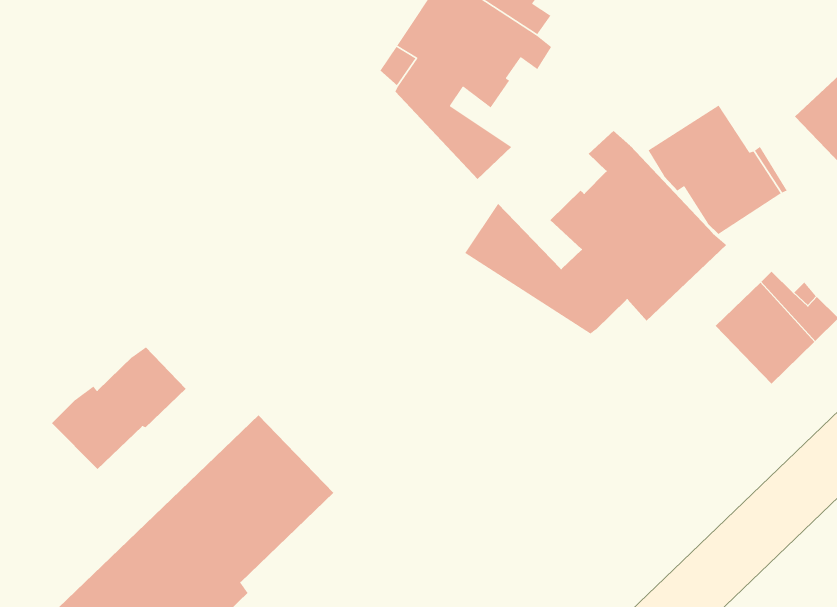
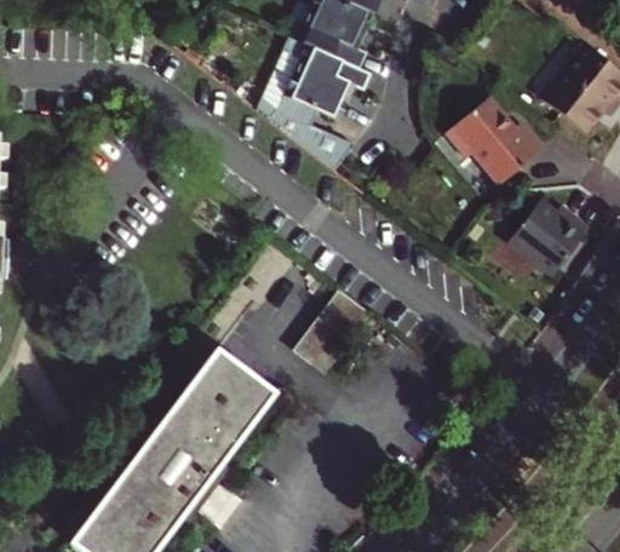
building: [464,130,727,335] -> none
building: [51,347,186,470] -> none
building: none -> [299,284,378,373]

